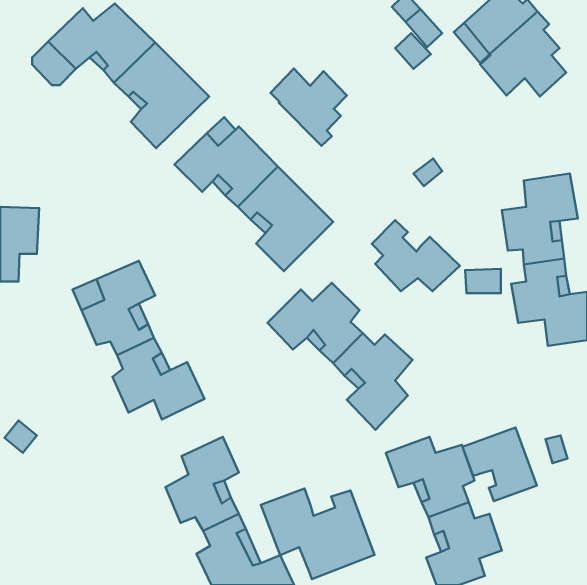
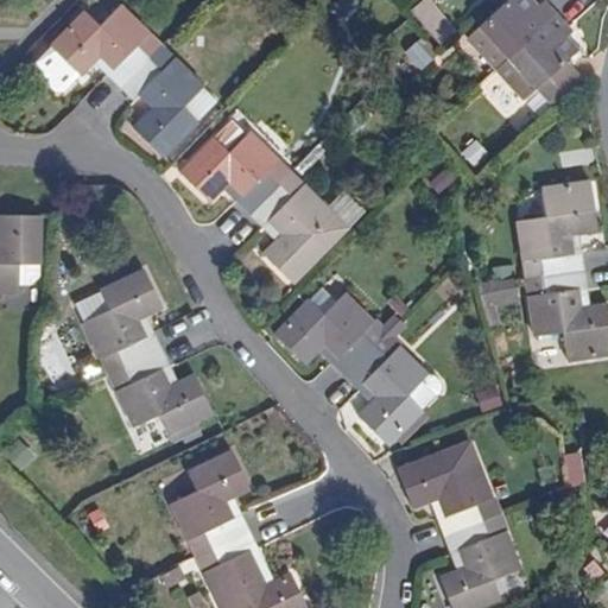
building: [270,68,347,146] -> none
building: [372,220,460,291] -> none
building: [463,427,537,501] -> none
building: [261,489,374,579] -> none

